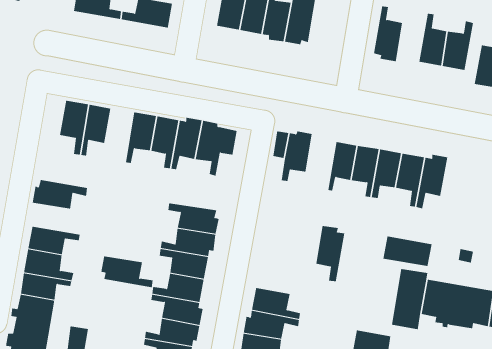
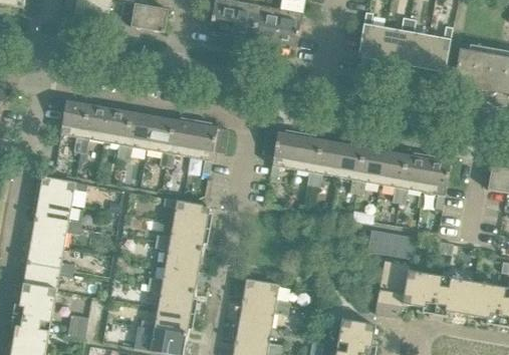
building: none -> [379,16,409,66]
building: none -> [103,107,131,158]
building: none -> [422,153,450,208]
building: [315,226,345,282] -> [294,131,322,185]
building: [100,256,153,288] -> [31,197,81,227]

